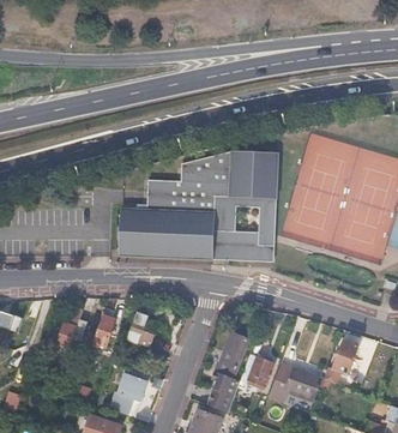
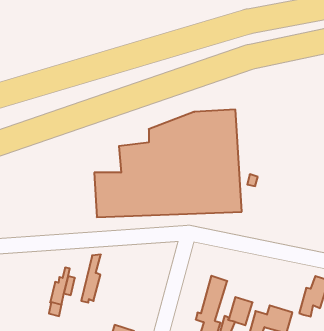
building: [128,309,159,344] -> none

